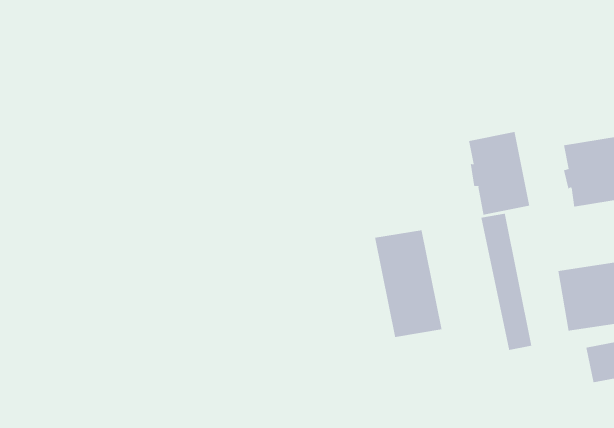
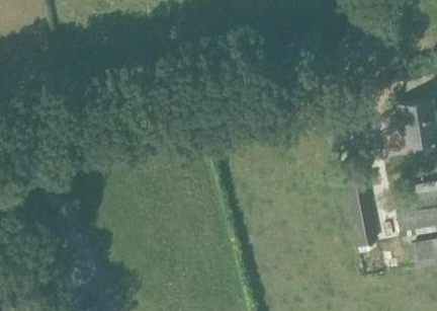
building: [468,131,530,215] -> none
building: [375,229,442,338] -> none

